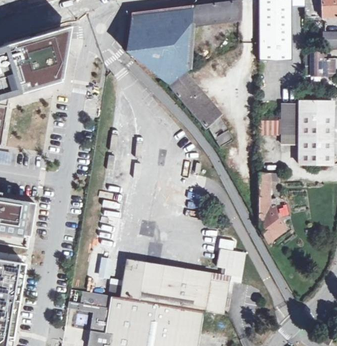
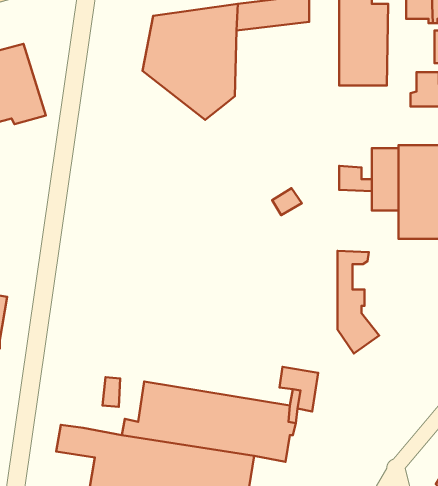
building: [46,26,70,81] -> none
building: [168,73,225,135] -> none

